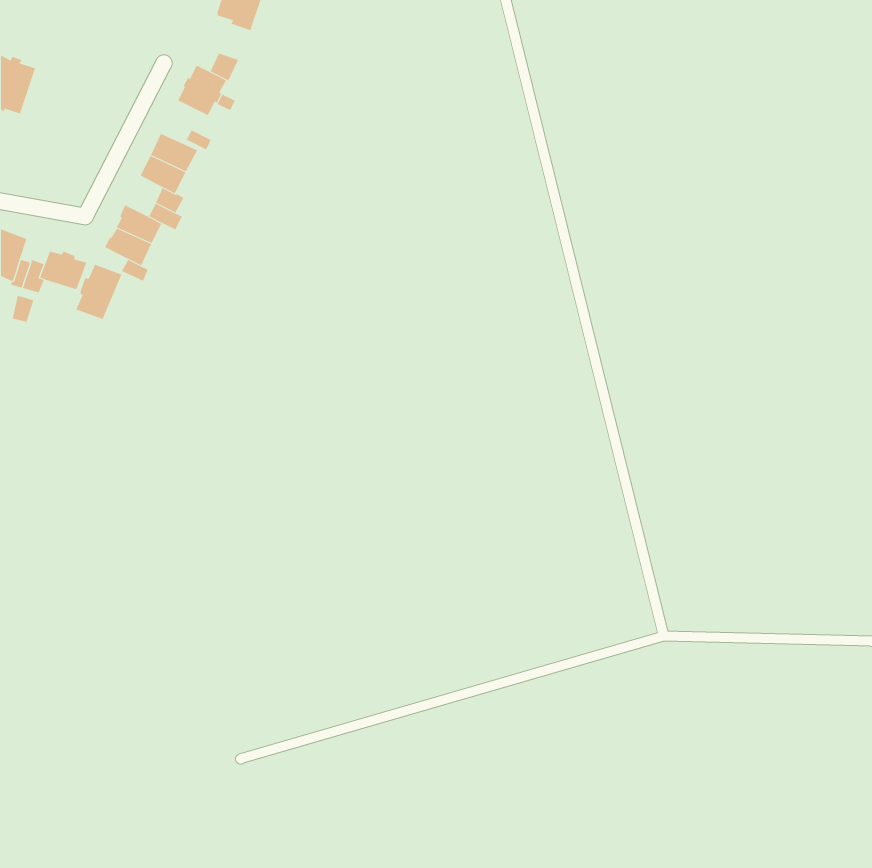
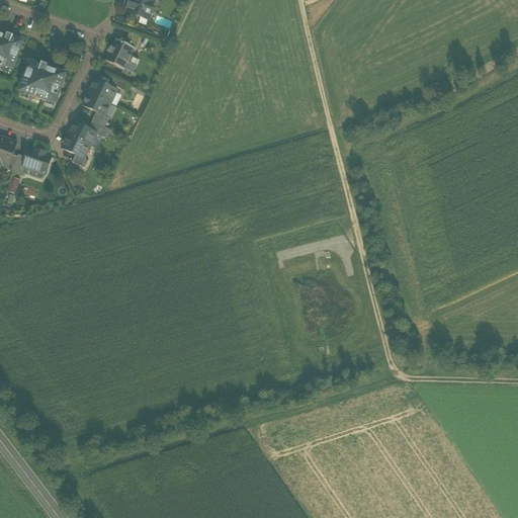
building: none -> [20,61,65,101]
building: [76,264,122,320] -> none

